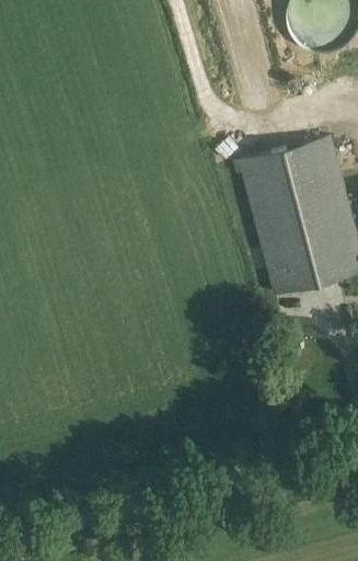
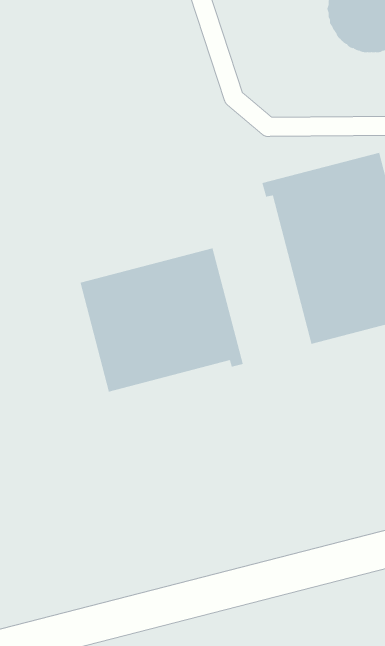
building: none -> [80,247,244,393]

